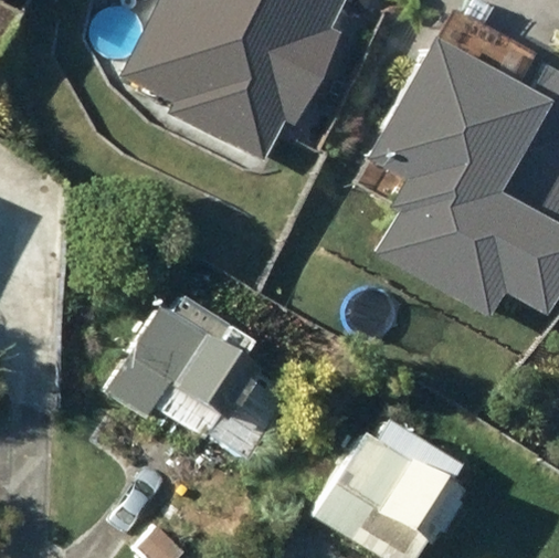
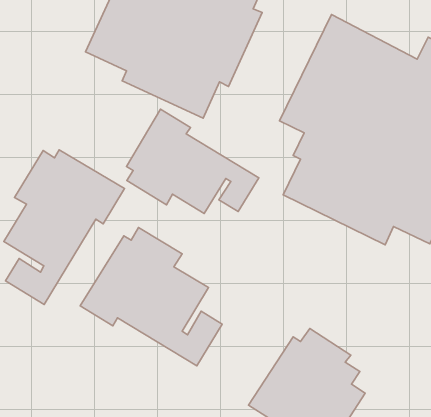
building: none -> [127,109,259,213]
building: none -> [4,150,124,304]

